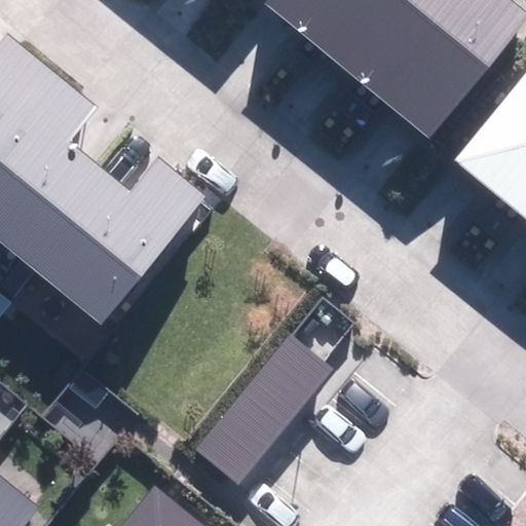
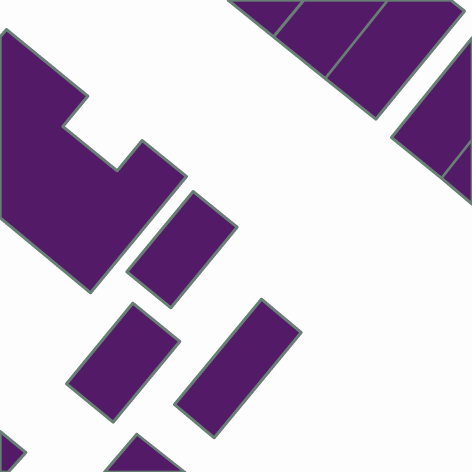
building: none -> [127,191,237,308]
building: none -> [66,303,180,422]

